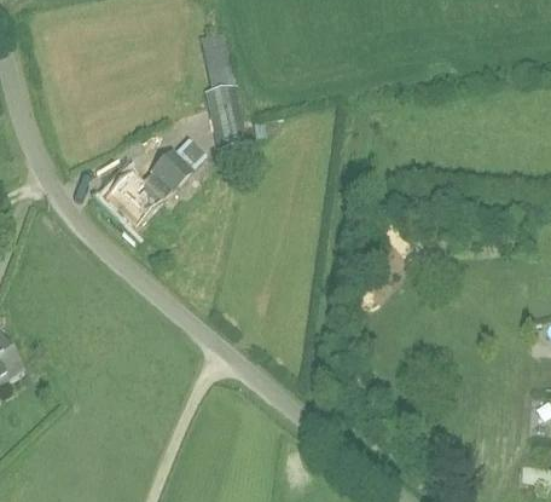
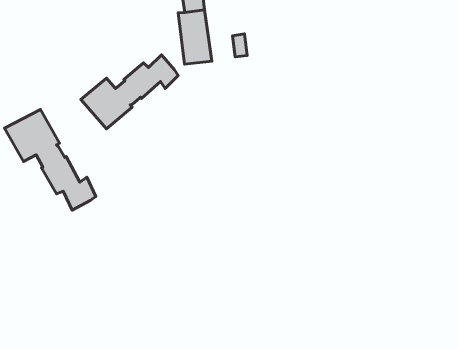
building: none -> [4,110,96,210]

